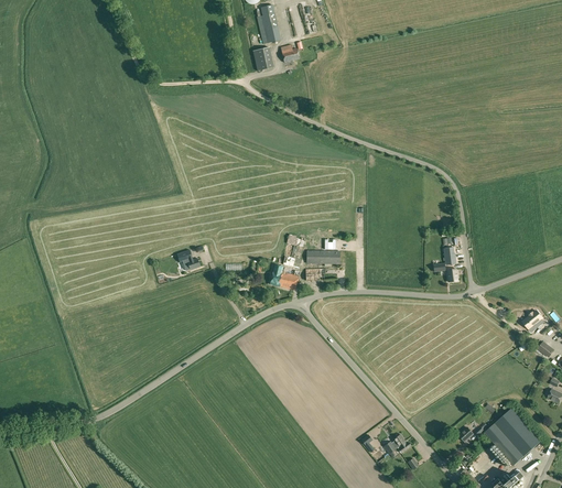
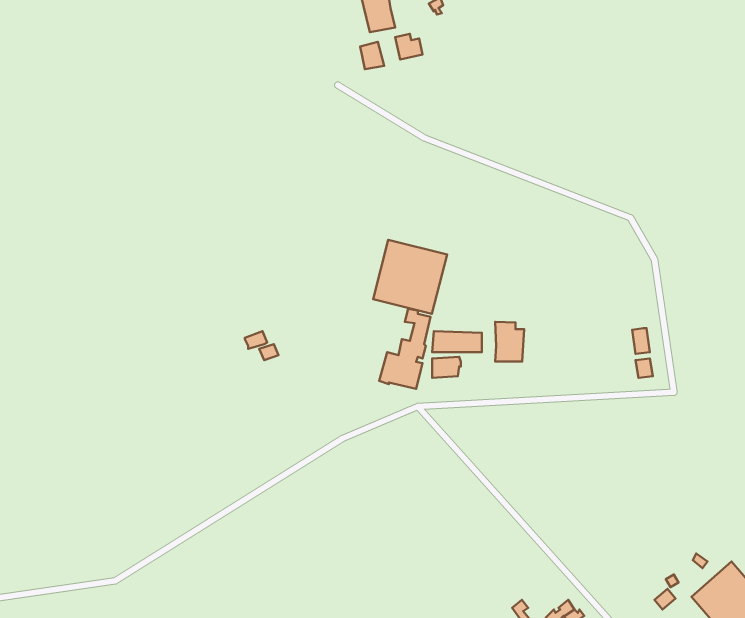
building: none -> [373,240,447,314]
building: none -> [495,322,524,362]

